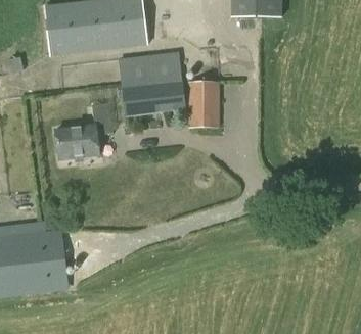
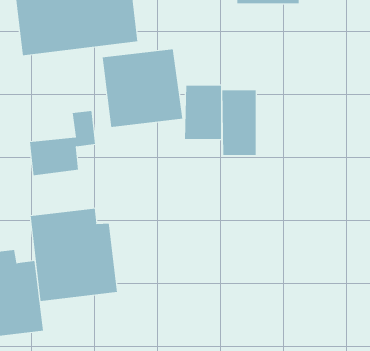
building: none -> [222,90,256,156]
building: none -> [30,208,118,302]

